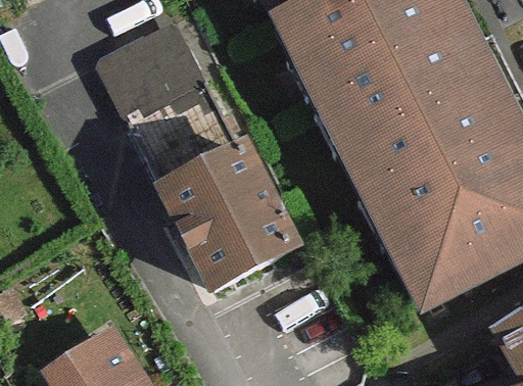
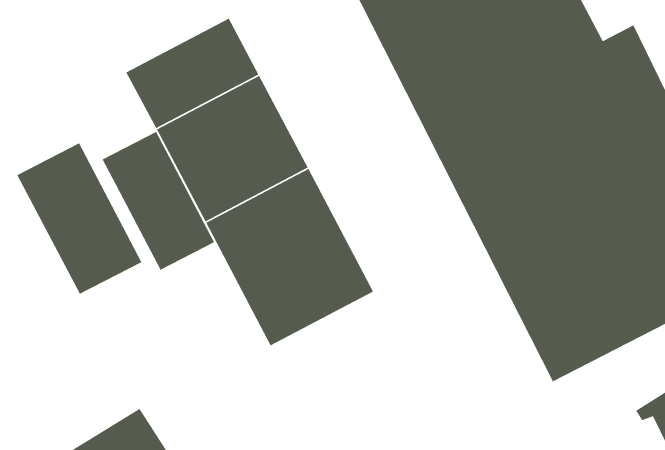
building: none -> [102,131,215,271]
building: none -> [16,142,143,295]

